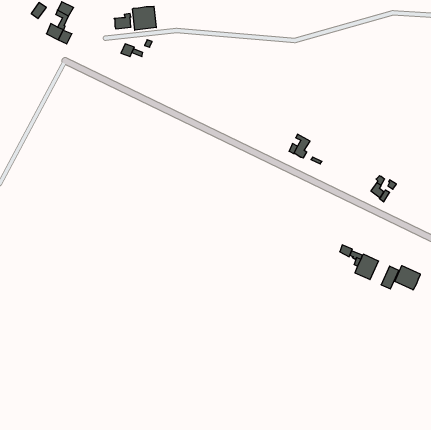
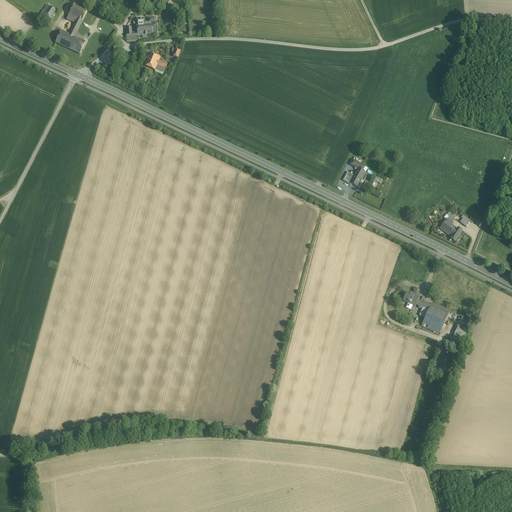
building: [132,6,156,30] -> none
building: [395,266,420,290] -> none

